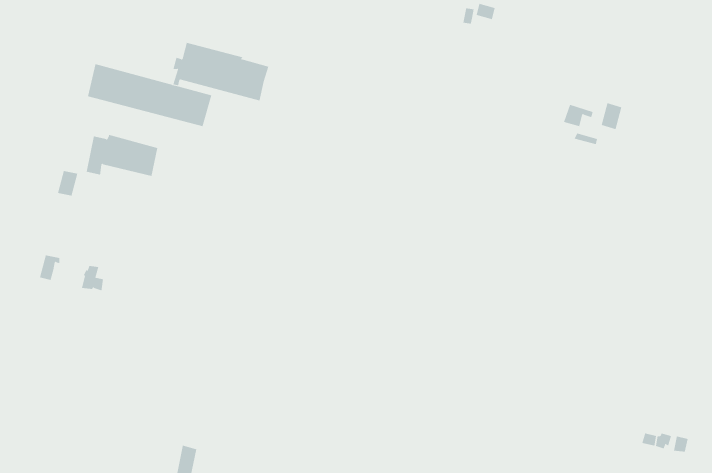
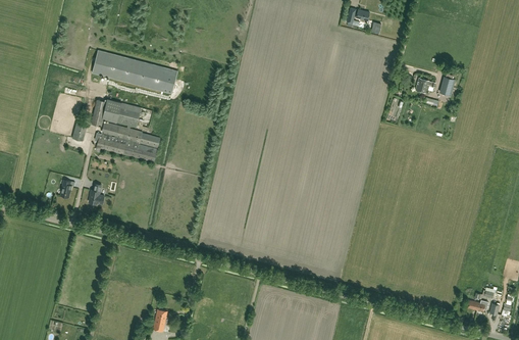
building: [173,42,269,101] -> [95,122,160,161]

